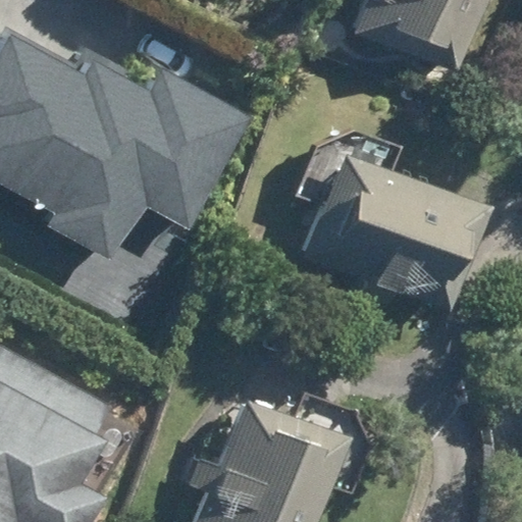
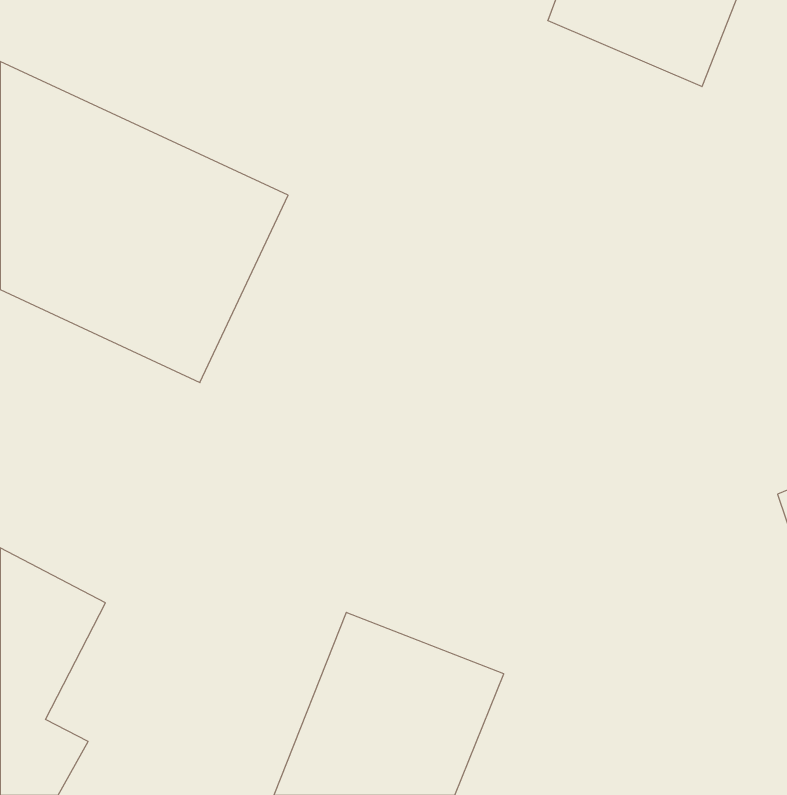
building: [295,150,475,309] -> none

